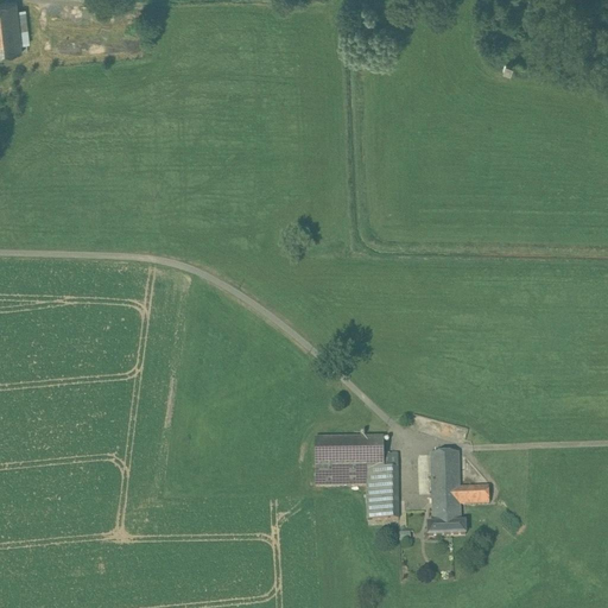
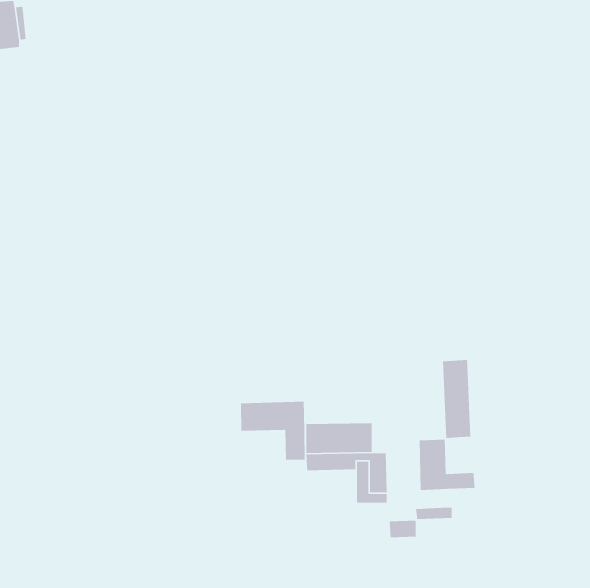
building: none -> [442,359,471,439]
building: none -> [240,401,306,461]
building: [431,502,460,521] -> [389,520,416,538]

